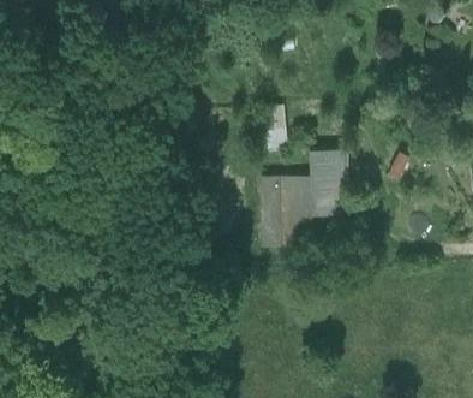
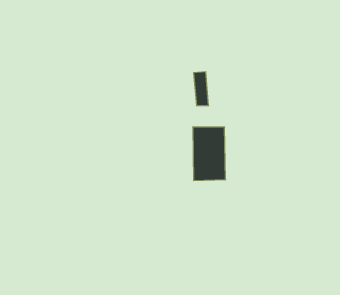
building: [312,150,348,213] -> none

